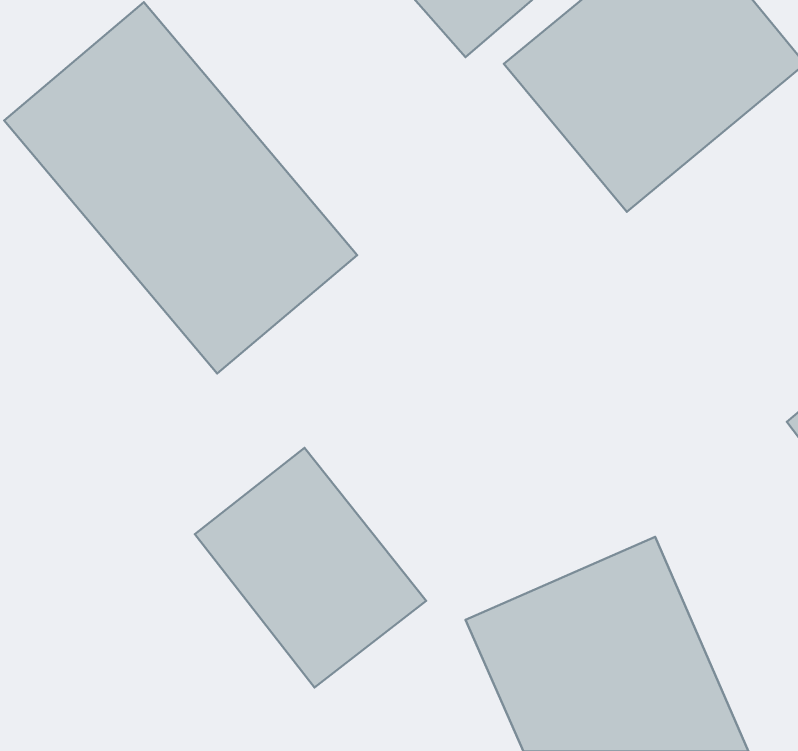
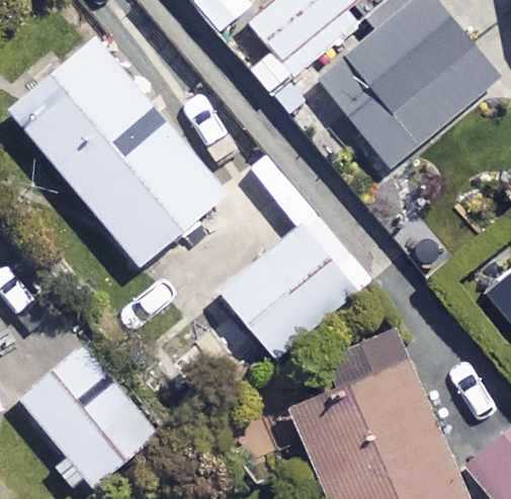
building: none -> [220,224,352,351]
building: [195,448,426,687] -> [19,343,160,489]

